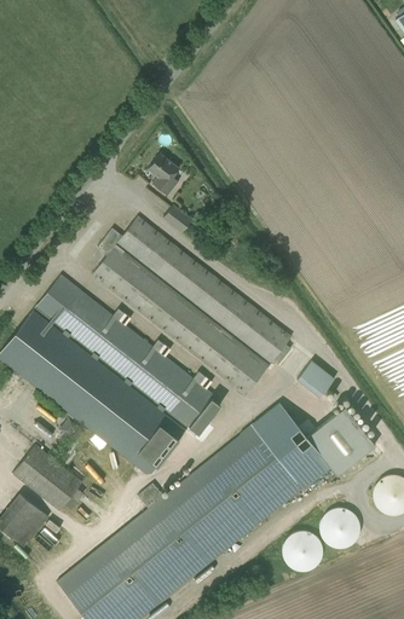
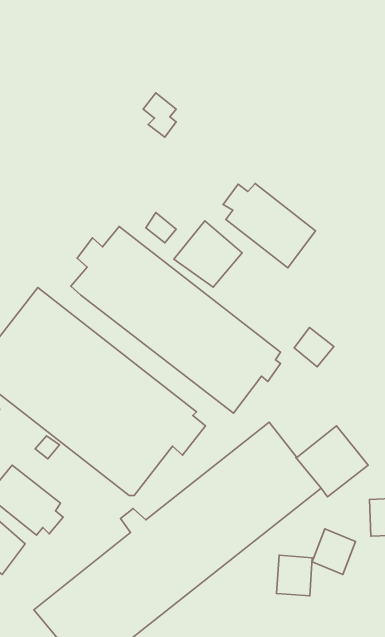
building: [148,152,179,195] -> [143,93,176,137]
building: none -> [223,184,315,268]
building: none -> [174,221,242,287]
building: [298,360,335,398] -> [294,328,334,367]

